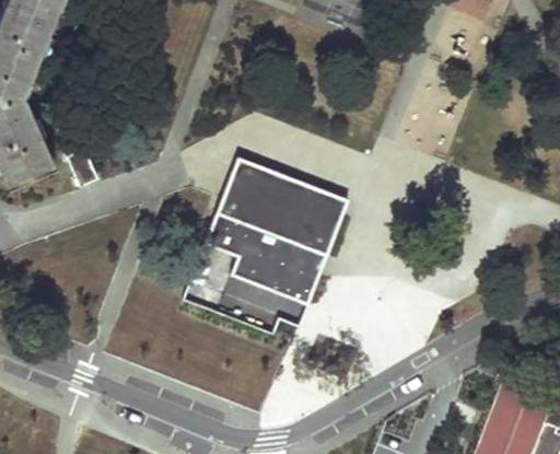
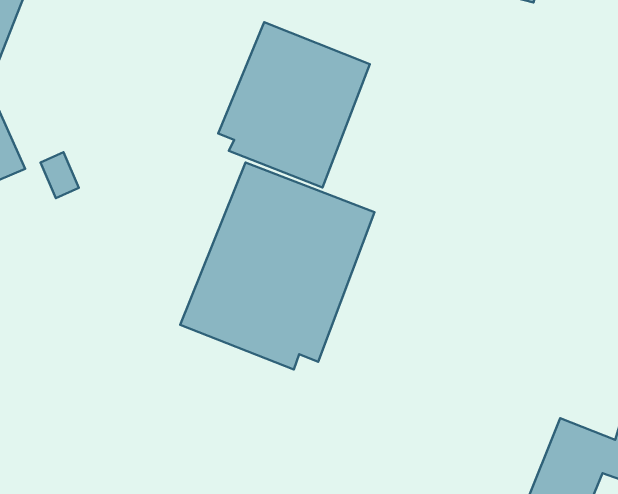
building: none -> [218,22,370,188]

